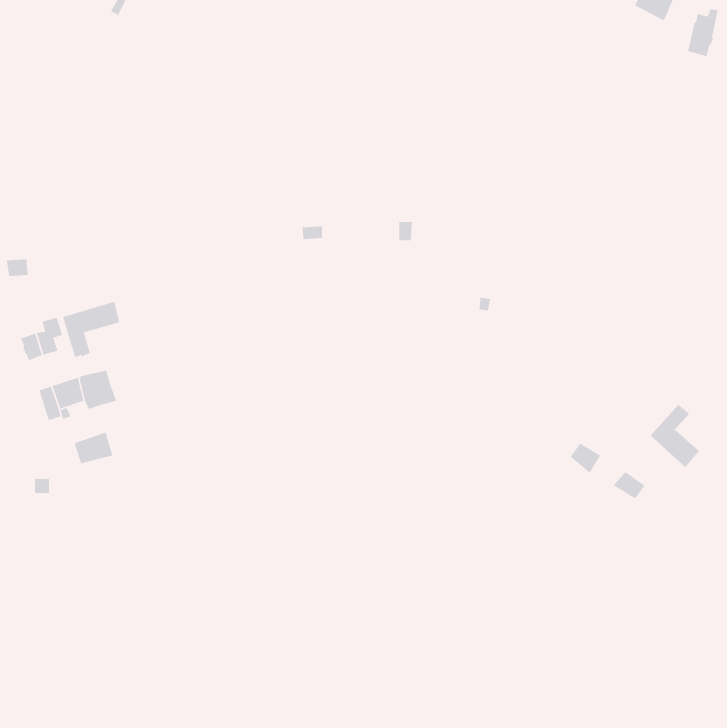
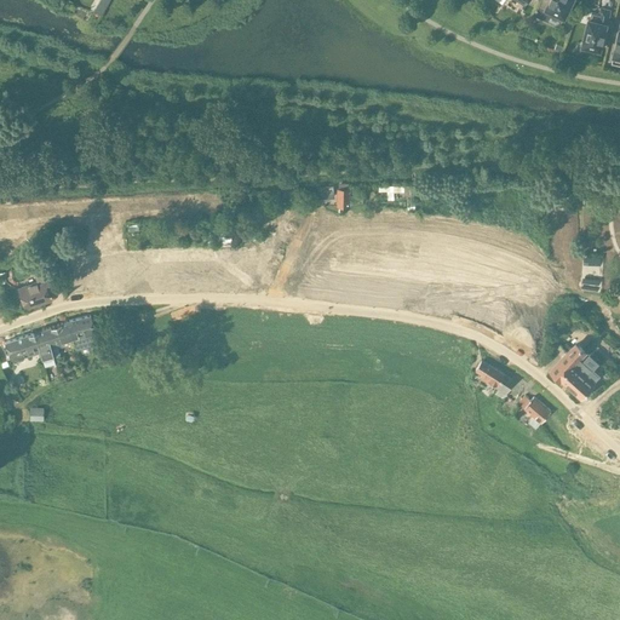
building: [62,301,120,358] -> none
building: [73,431,113,464] -> [7,331,41,358]

